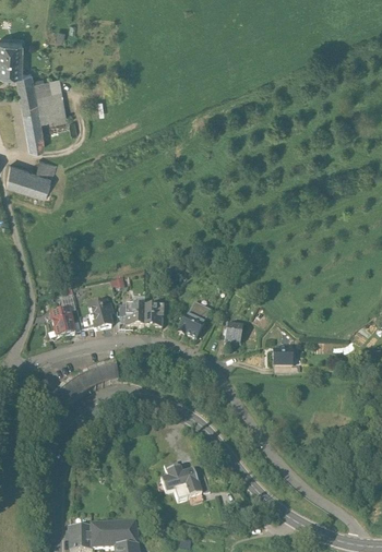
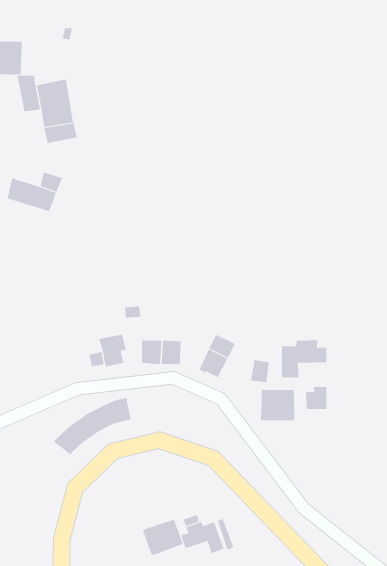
building: [22,101,45,145] -> none
building: [52,301,74,336] -> none
building: none -> [282,339,327,378]
building: none -> [261,389,295,421]
building: none -> [142,519,184,556]

